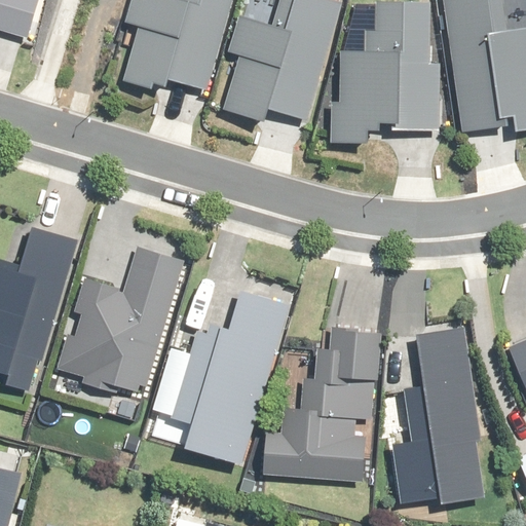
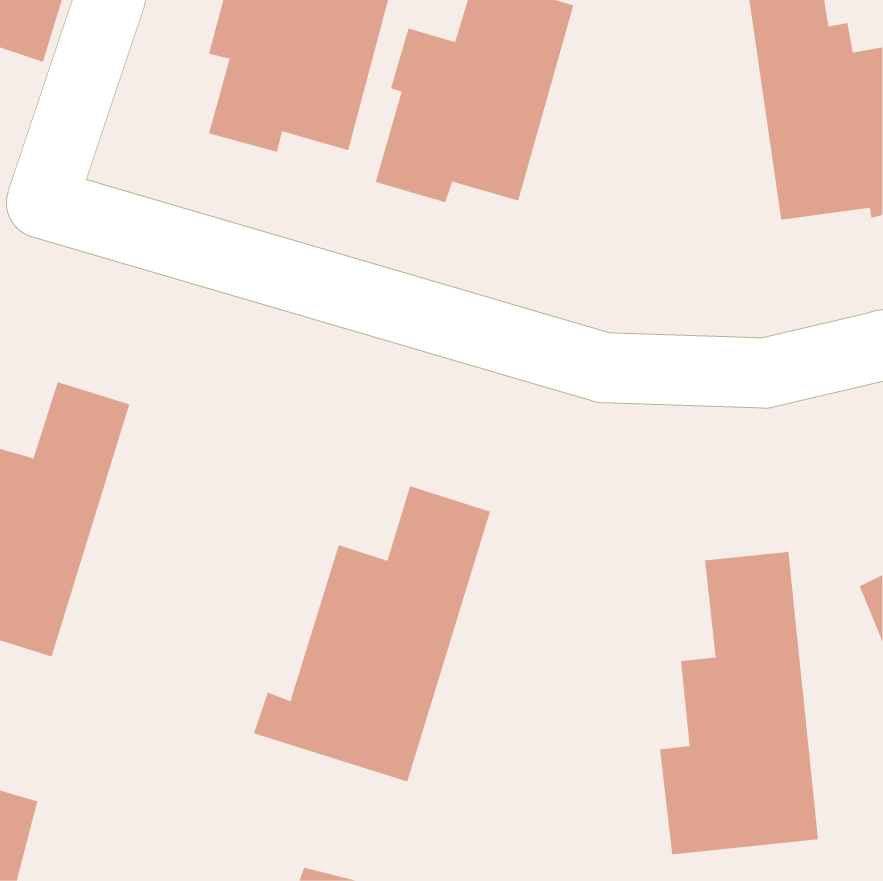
building: [332,4,439,142] -> none
building: [58,247,186,398] -> none
building: [264,329,379,481] -> none

